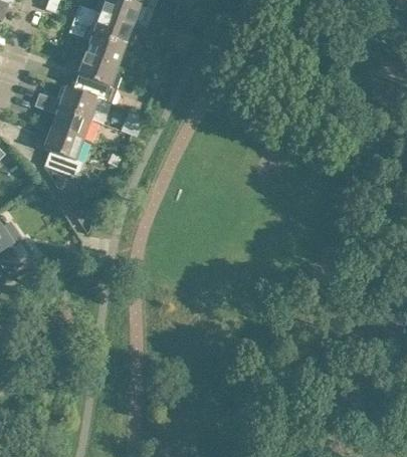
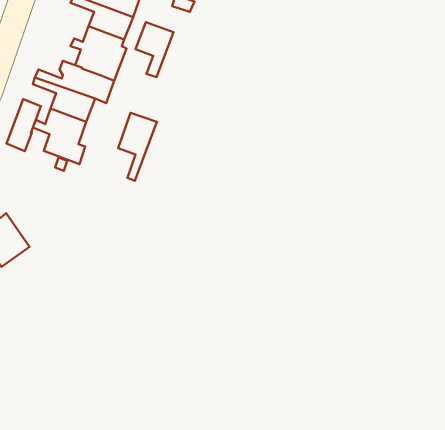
building: none -> [136,22,173,77]
building: none -> [6,99,41,151]
building: none -> [118,113,157,181]

